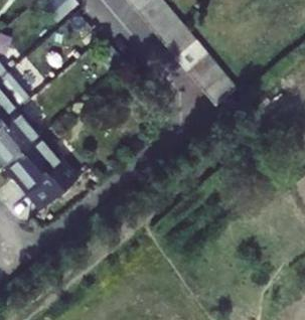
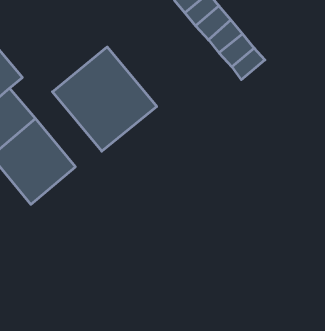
building: none -> [52,47,157,151]

